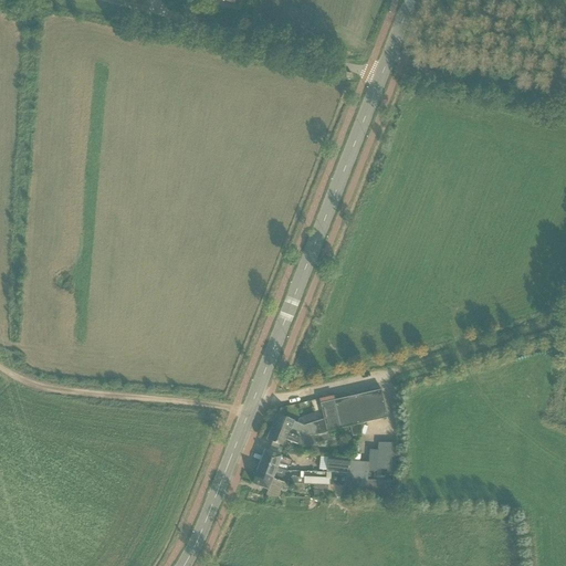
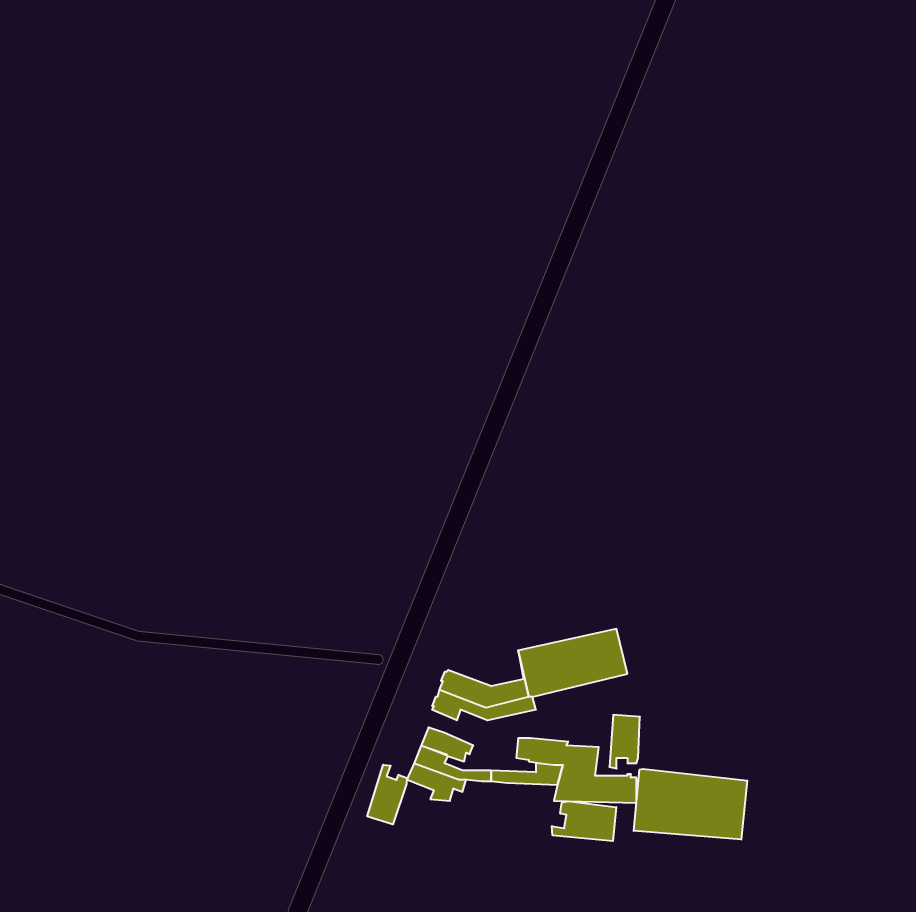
building: none -> [367,765,407,824]
building: none -> [634,769,747,840]
building: none -> [552,801,616,841]

